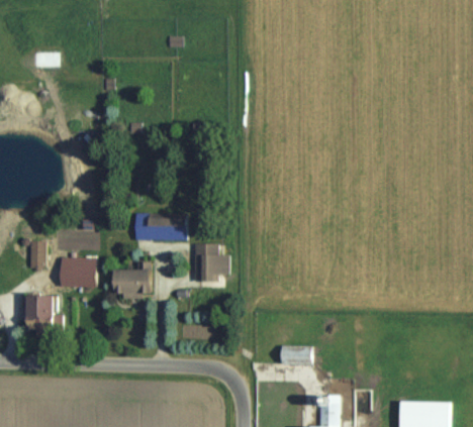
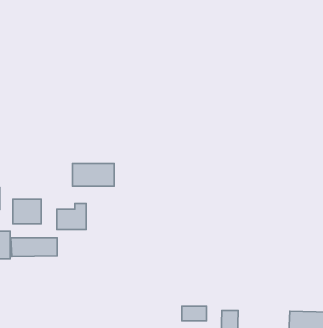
building: [194,244,229,282] -> none
building: none -> [11,238,57,256]
building: [282,346,312,364] -> [182,306,206,321]

